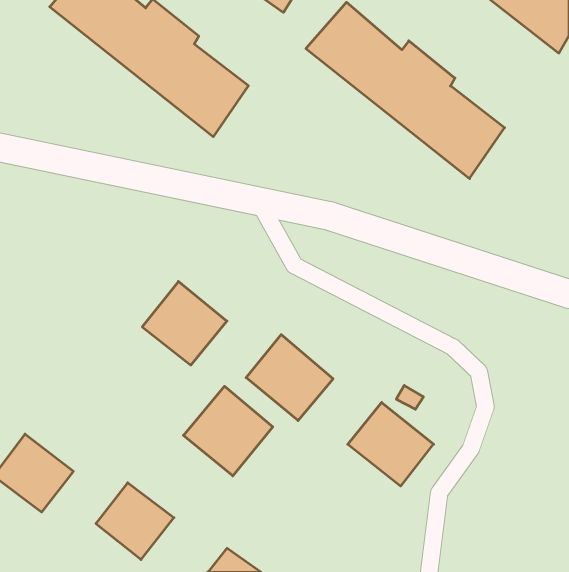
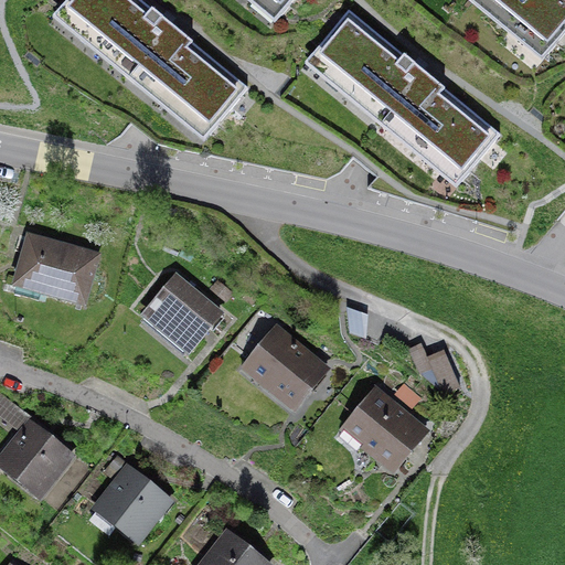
building: none -> [12,236,97,303]
building: [183,386,273,476] -> none

